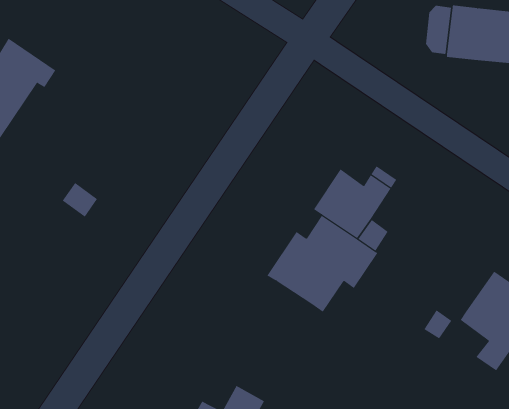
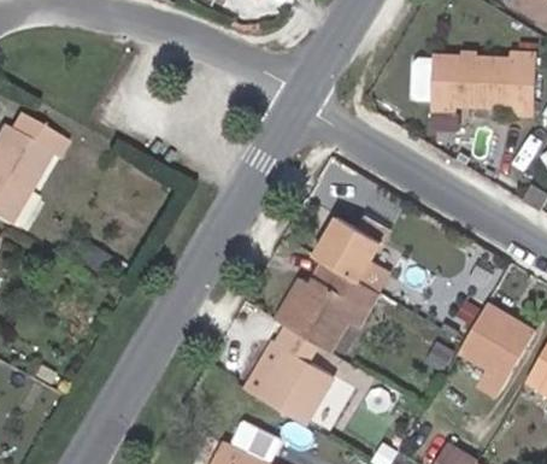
building: none -> [243,325,334,424]

